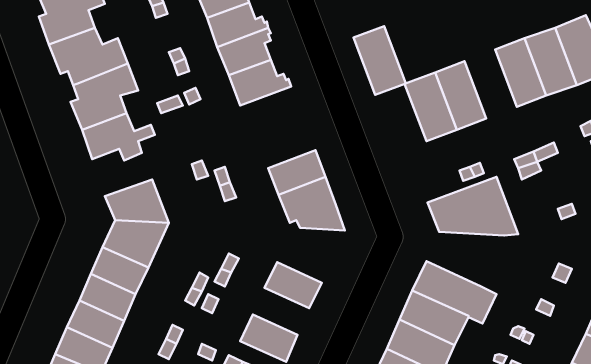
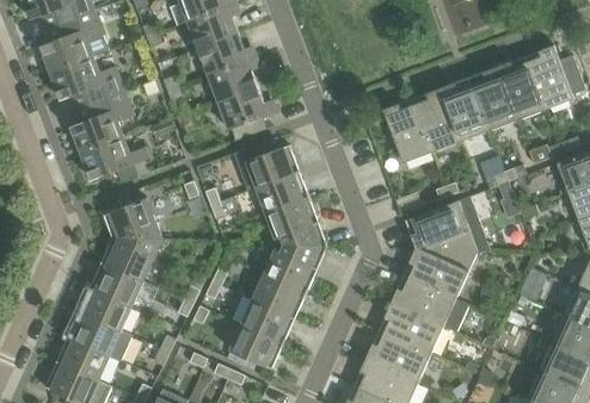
building: [354,26,406,95] -> [440,78,488,142]
building: none -> [233,140,300,191]
building: none -> [264,244,327,296]
building: none -> [404,248,477,299]
building: none -> [241,300,294,345]

